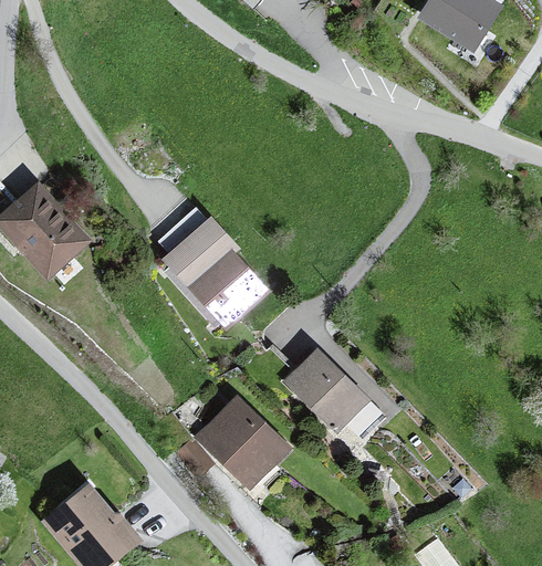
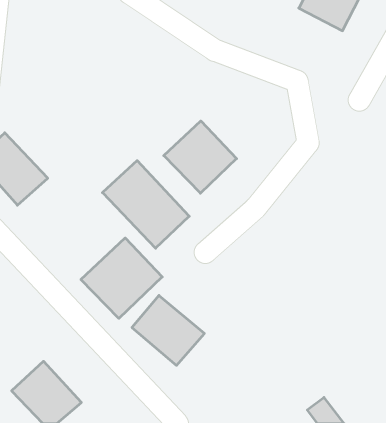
building: none -> [164,121,237,193]
building: none -> [81,238,162,318]
building: [302,352,379,428] -> none

